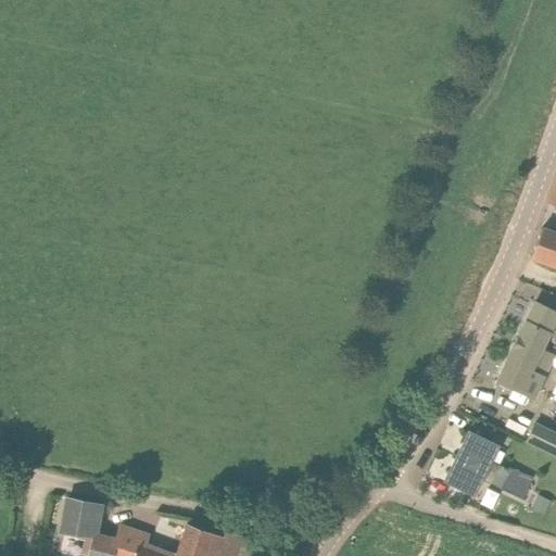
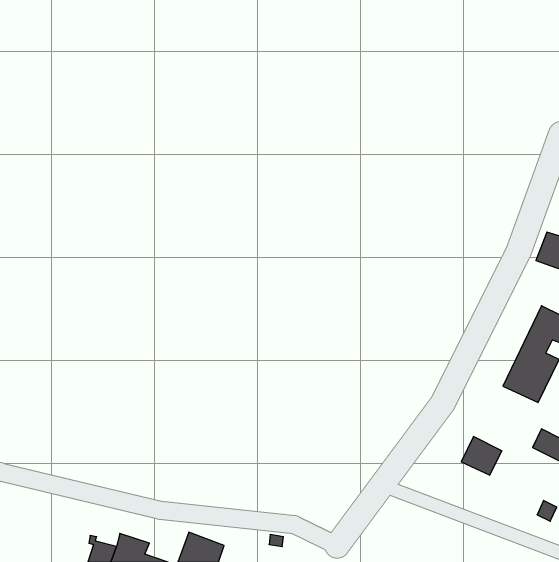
building: [446,456,486,495] -> none
building: [492,466,533,498] -> none
building: [63,498,96,536] -> none

